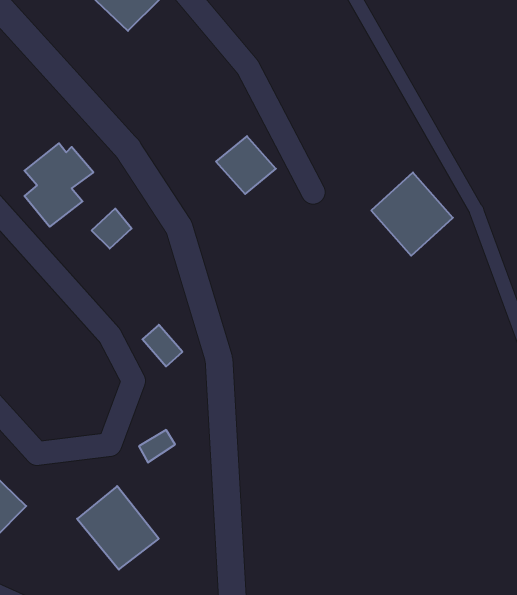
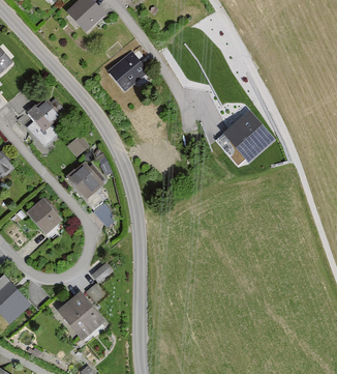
building: [216,136,276,194] -> [113,52,147,85]
building: none -> [65,161,103,199]
building: none -> [26,198,62,234]

